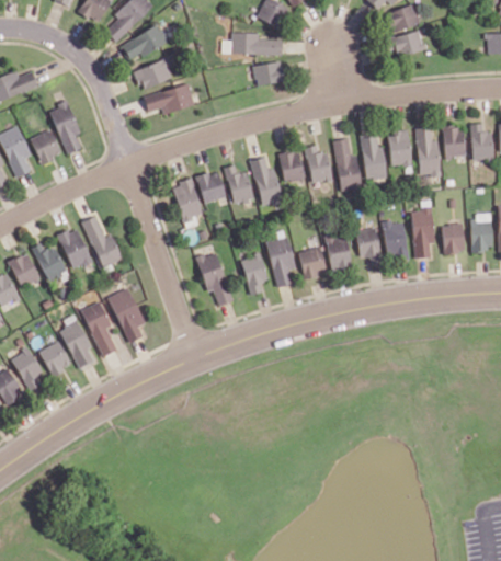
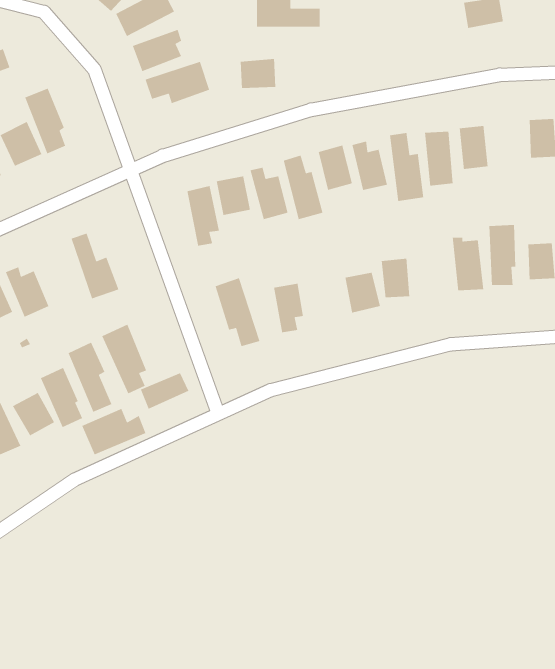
building: [253,60,282,84] -> [240,58,276,89]
building: [418,125,441,175] -> none
building: [58,226,93,270] -> none
building: [356,228,383,265] -> none
building: [266,237,296,288] -> none
building: none -> [140,372,190,410]
building: none -> [81,408,146,455]

